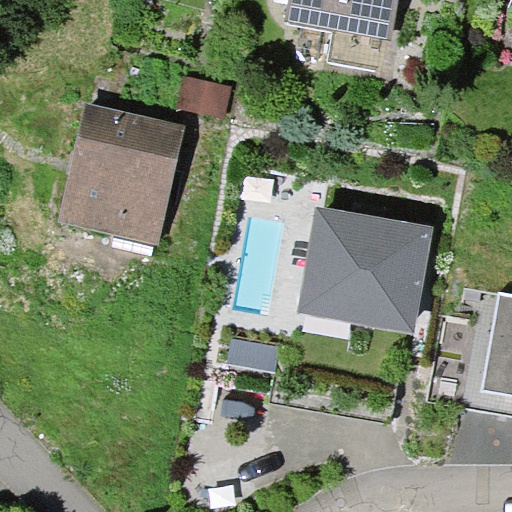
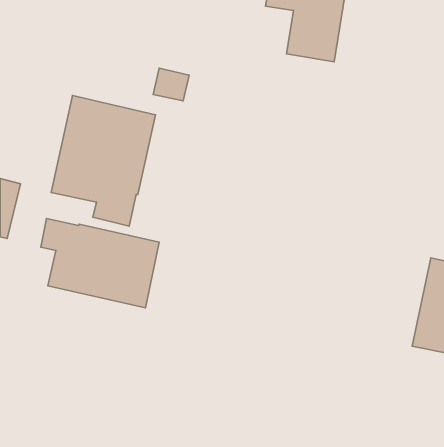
building: [297,207,422,328] -> none
building: none -> [41,218,159,308]

